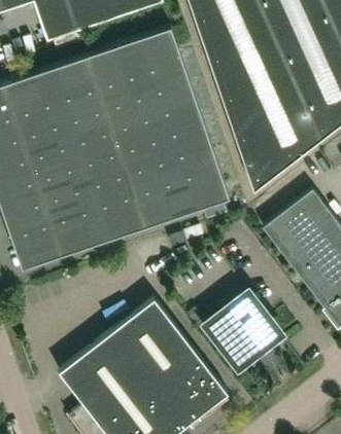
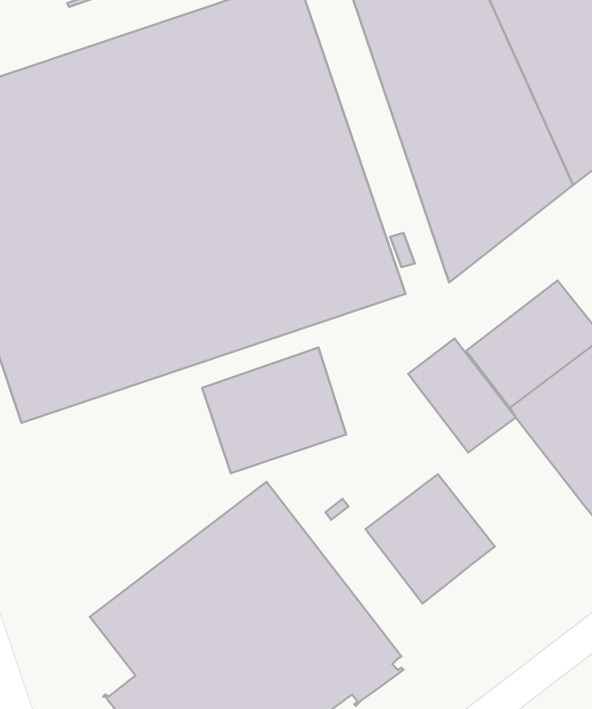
building: none -> [408,339,516,452]
building: none -> [202,347,346,473]

